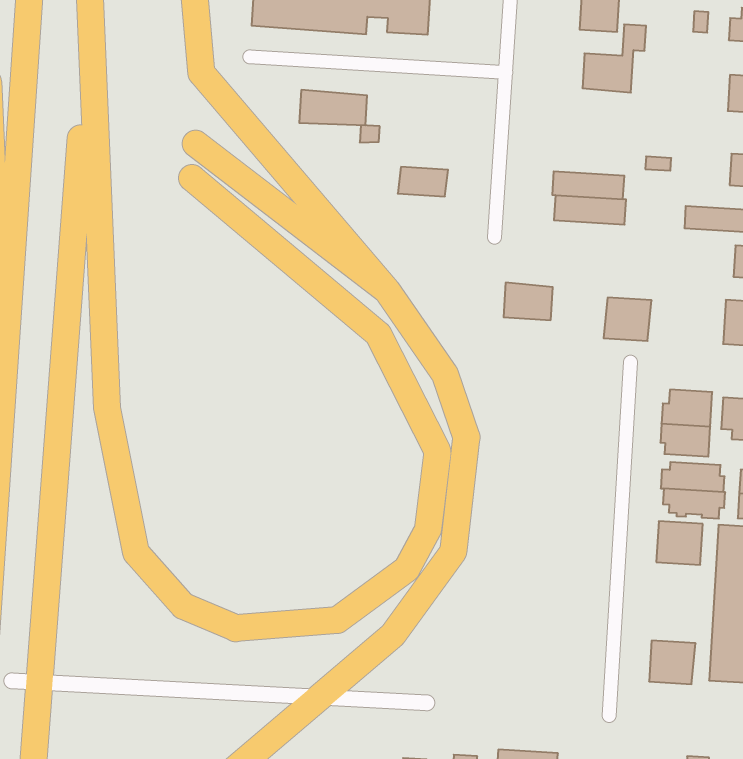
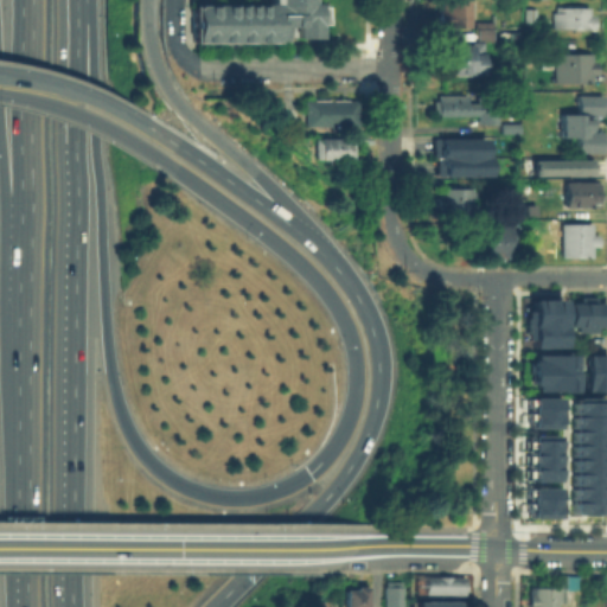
building: [299,90,367,125] -> [314,103,364,128]
building: none -> [441,95,501,123]
building: [504,283,553,320] -> [446,192,481,218]
building: none -> [531,434,563,481]

